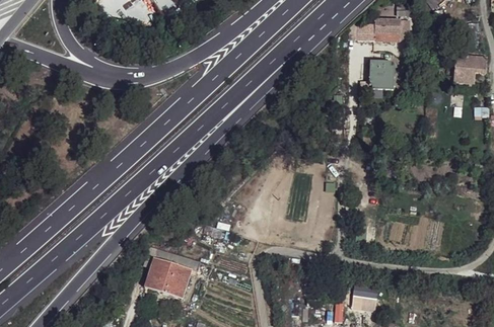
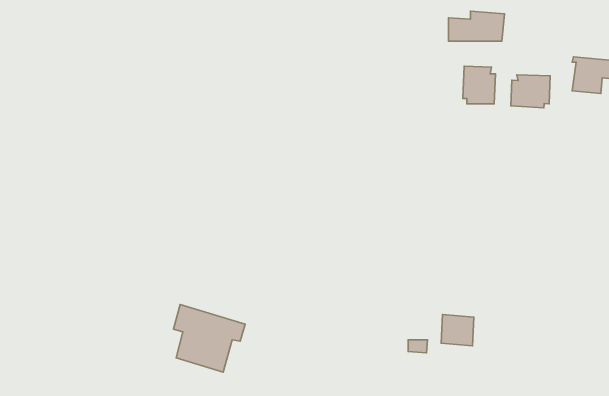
building: none -> [511,75,550,108]
building: [351,287,376,311] -> [441,315,474,346]

